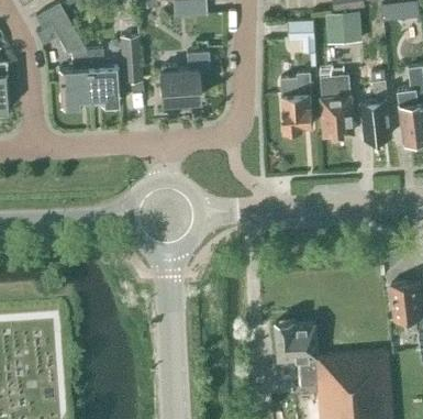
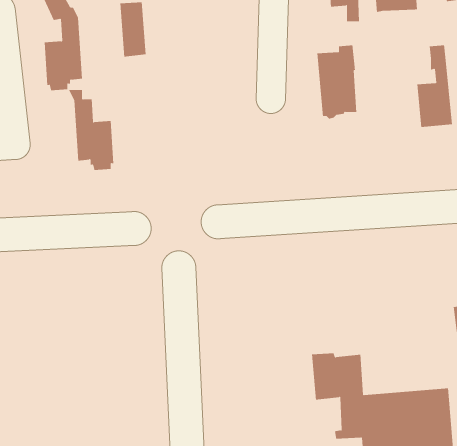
building: [82,42,120,108] -> [68,90,114,171]
building: [159,53,210,103] -> none
building: [321,76,354,137] -> none

